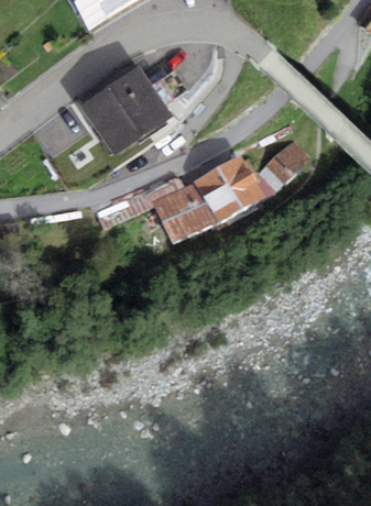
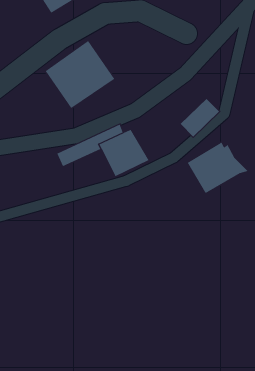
building: [194,154,275,222] -> [187,142,249,194]

